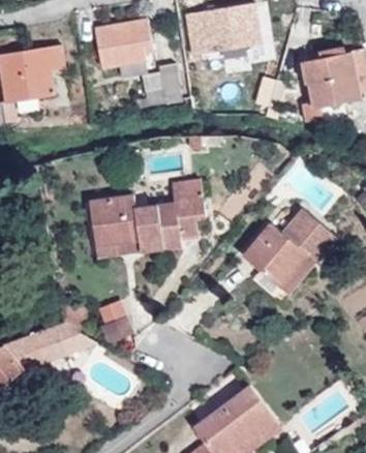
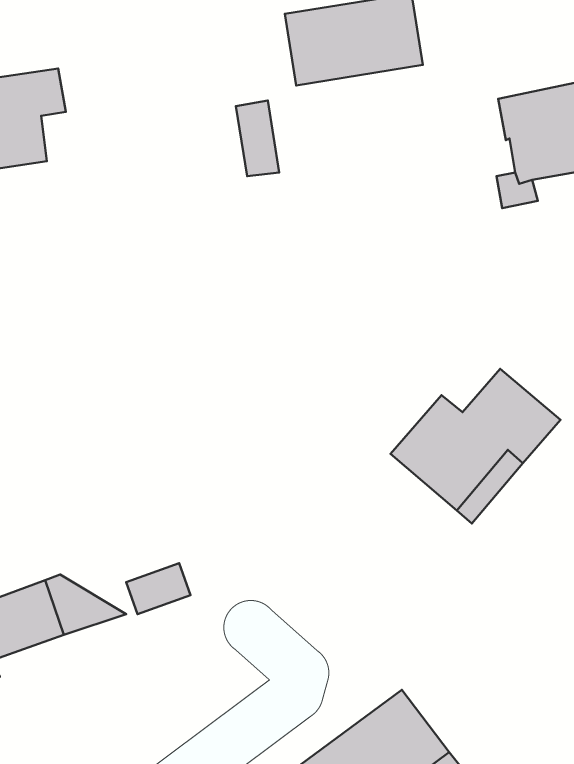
building: [93,18,150,68] -> none
building: [88,179,204,258] -> none

